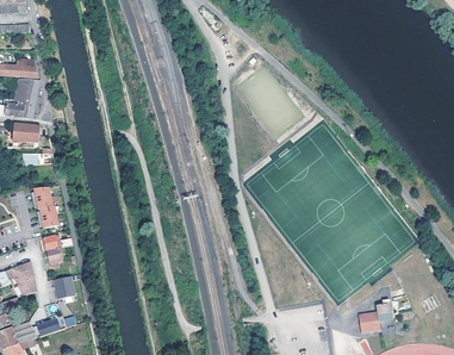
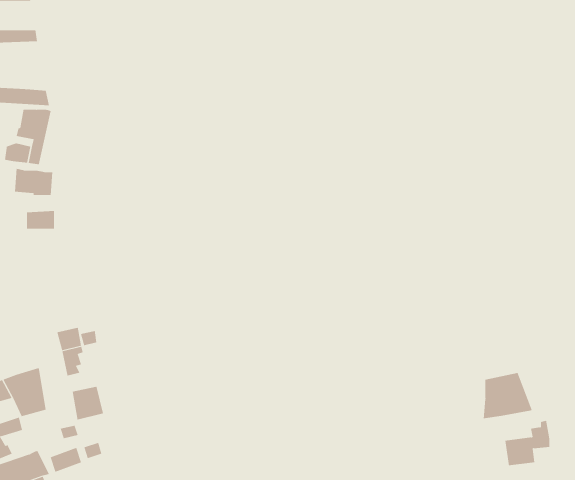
building: [31,186,58,228] -> none
building: none -> [483,372,532,419]

